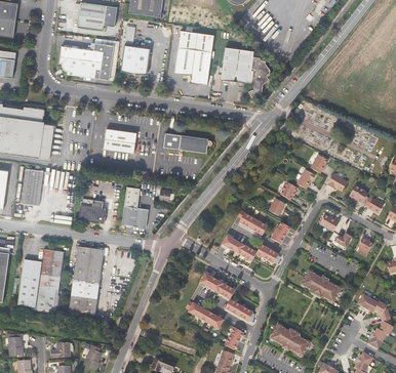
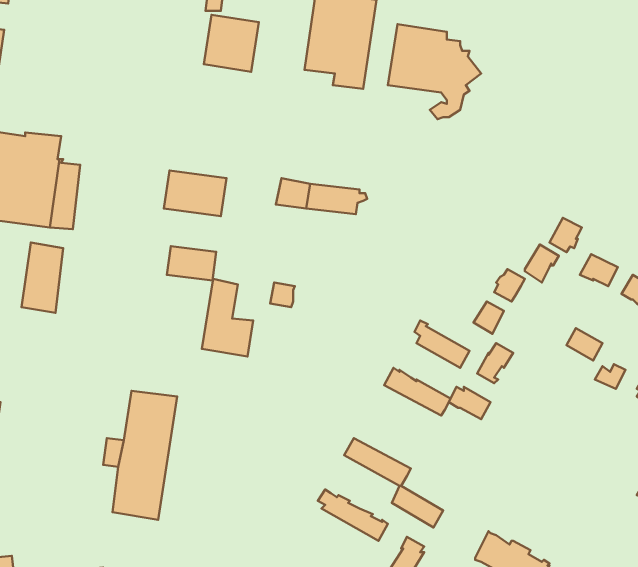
building: [63,45,105,76] -> none
building: [81,204,108,222] -> [167,246,216,280]
building: [22,250,69,312] -> none
building: [301,270,341,302] -> none

